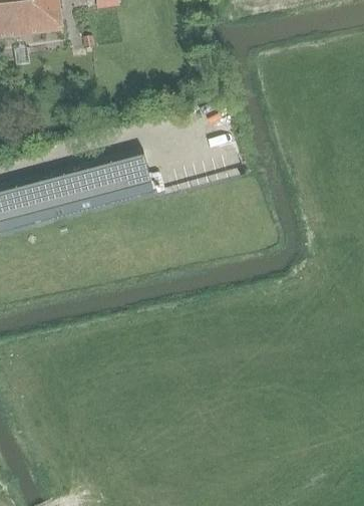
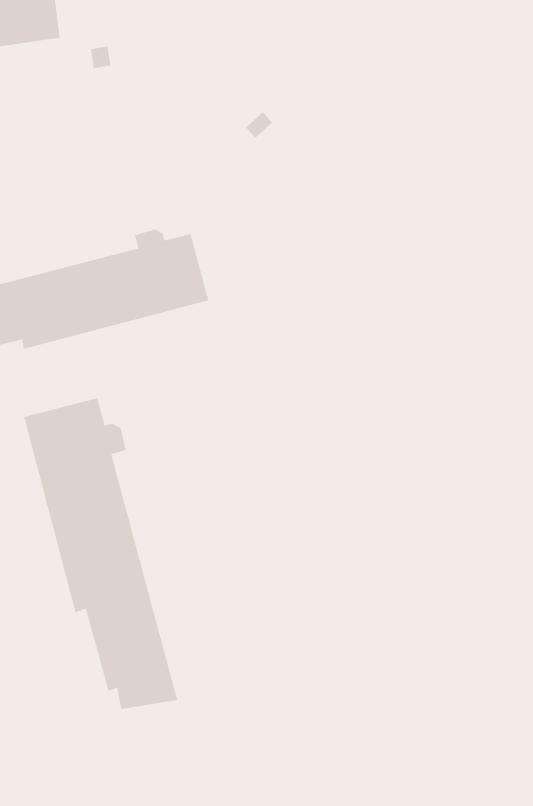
building: none -> [23,397,178,710]

